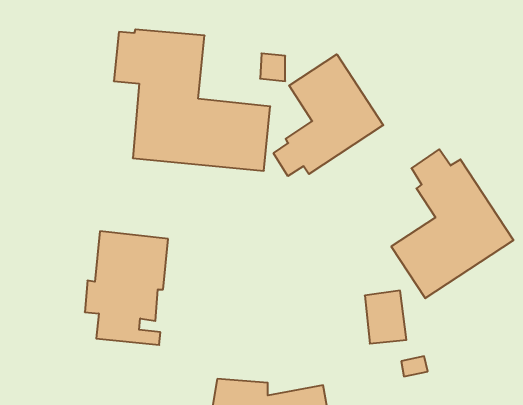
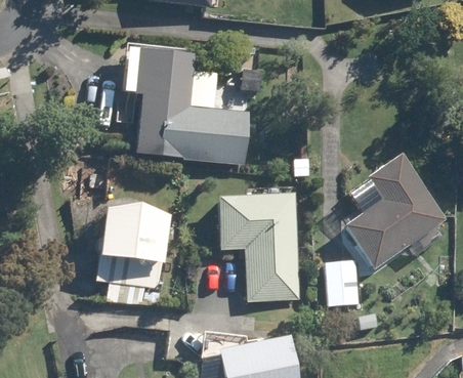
building: [274,54,383,176] -> none
building: none -> [220,193,298,300]

